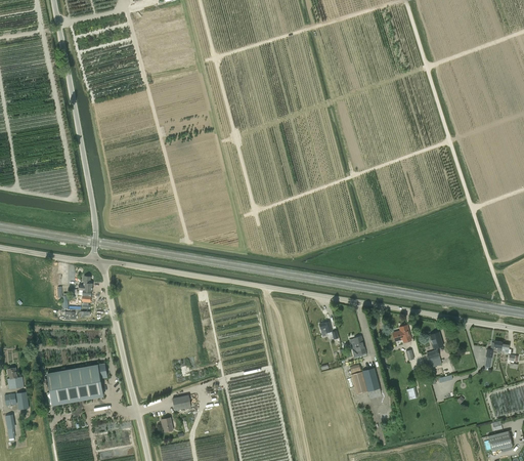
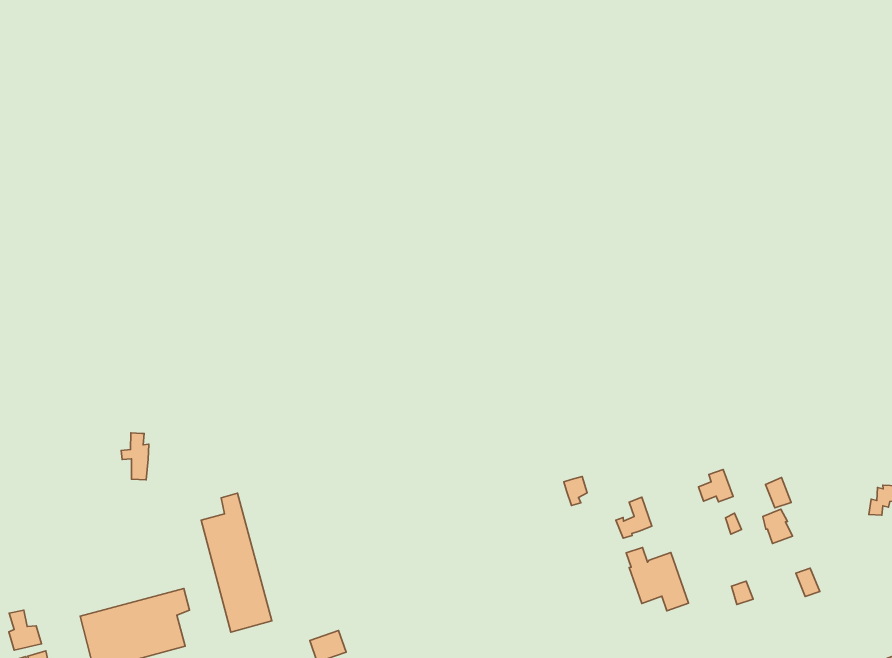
building: none -> [201,493,272,632]

